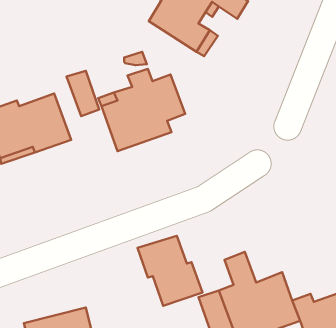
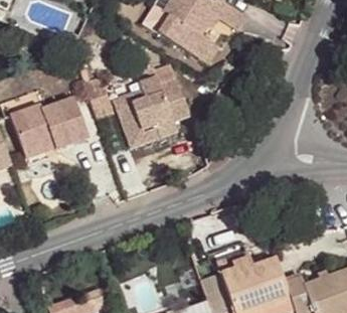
building: [138,236,203,306] -> none

